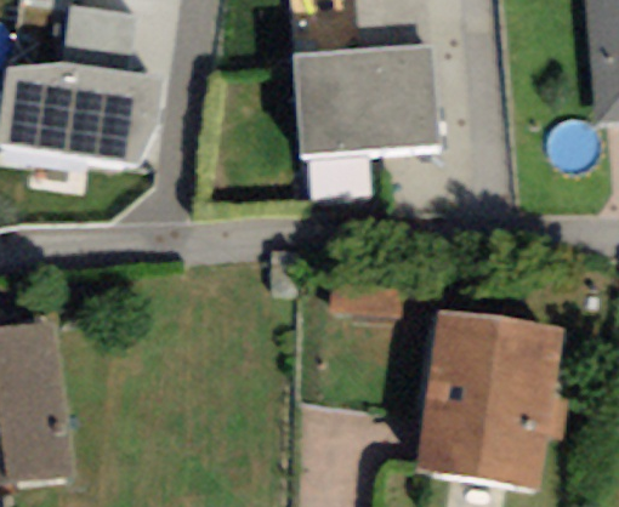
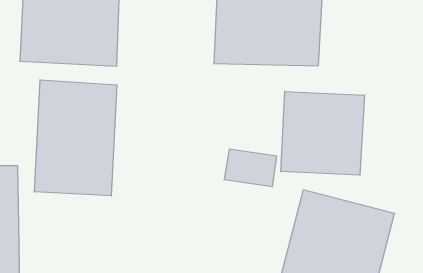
building: none -> [281,91,365,175]
building: none -> [35,80,117,196]

